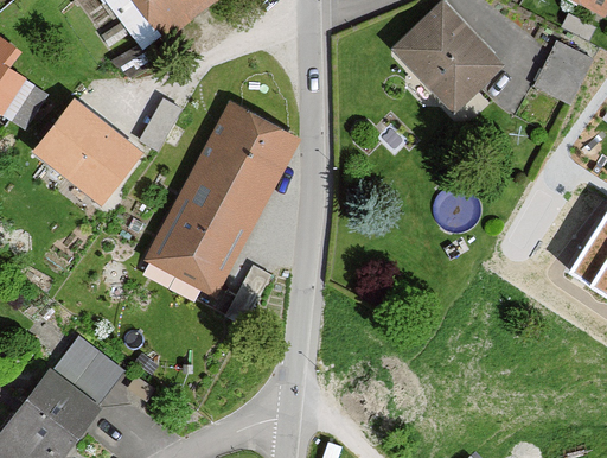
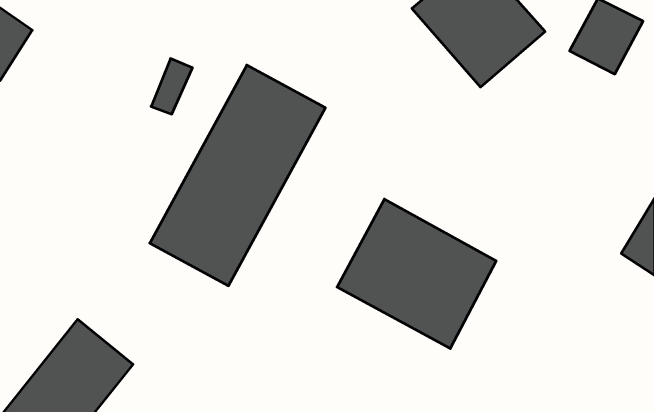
building: [25,93,146,212] -> none
building: none -> [337,199,496,349]

